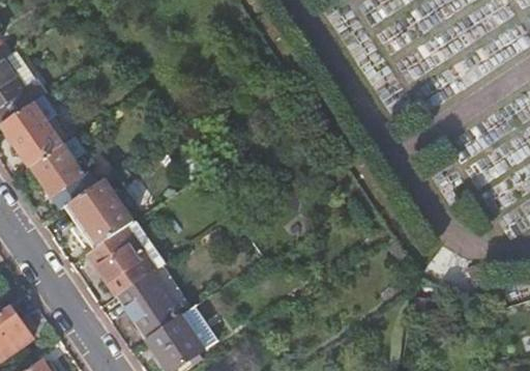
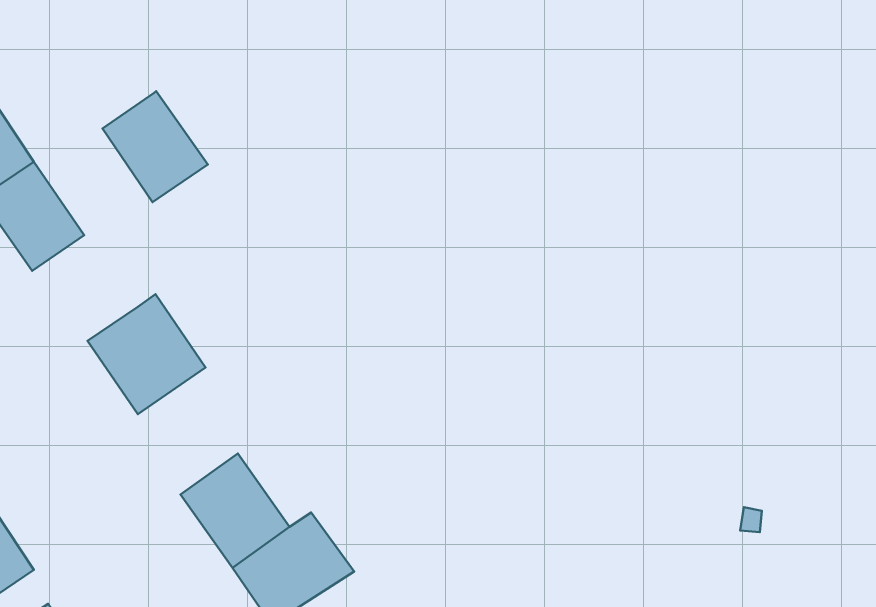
building: [32,144,93,208] -> [102,91,208,202]
building: [88,226,155,295] -> none

